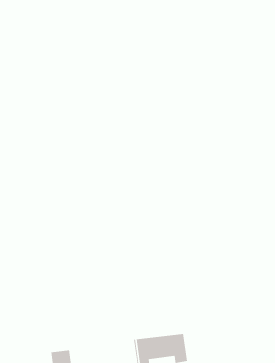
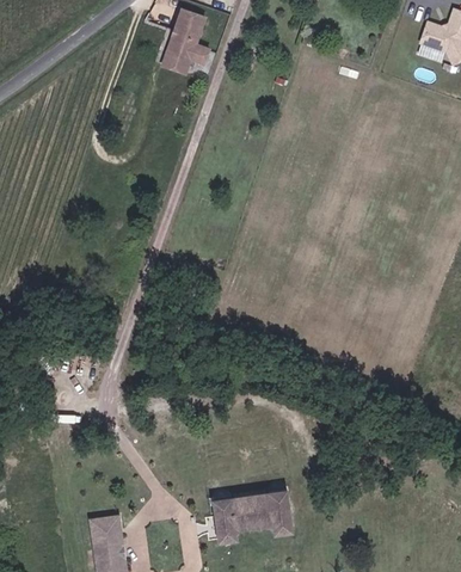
building: none -> [164,10,210,72]

